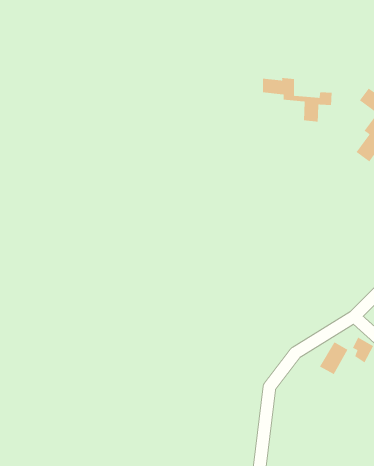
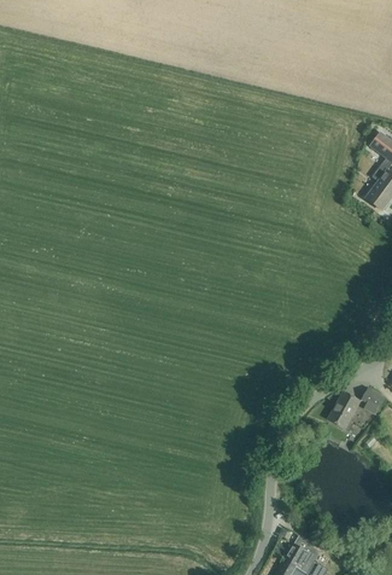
building: [262,77,332,122] -> none

